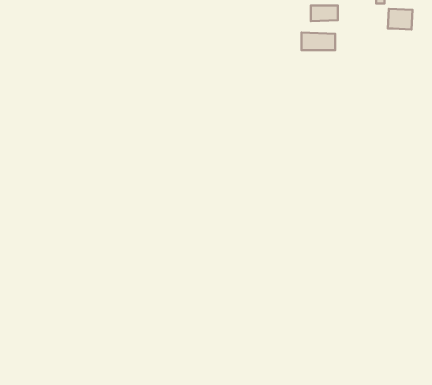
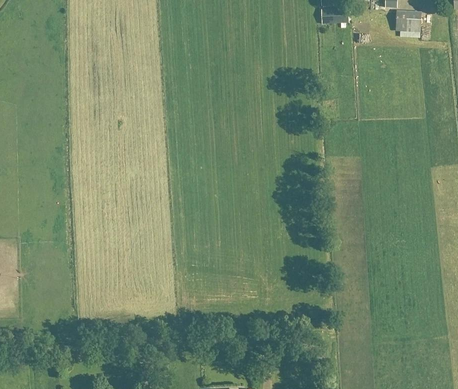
building: [301,32,335,50] -> none

